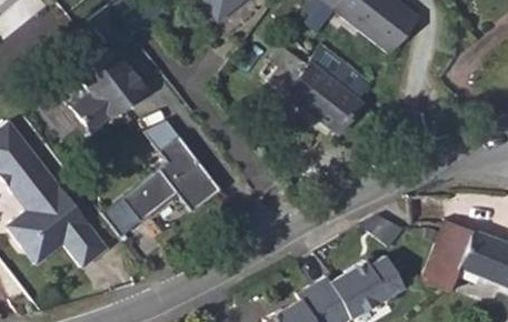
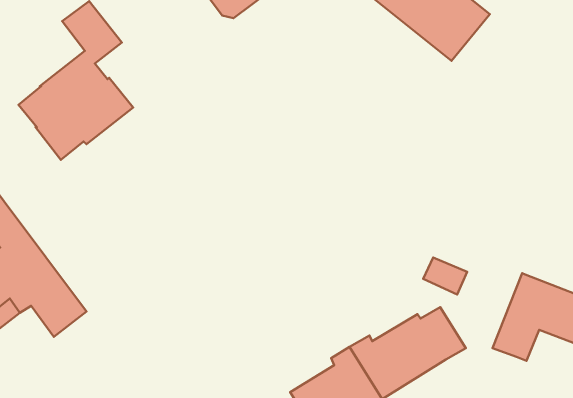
building: [268,39,370,131] -> none
building: [99,121,217,239] -> none

